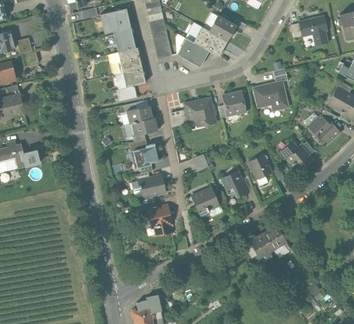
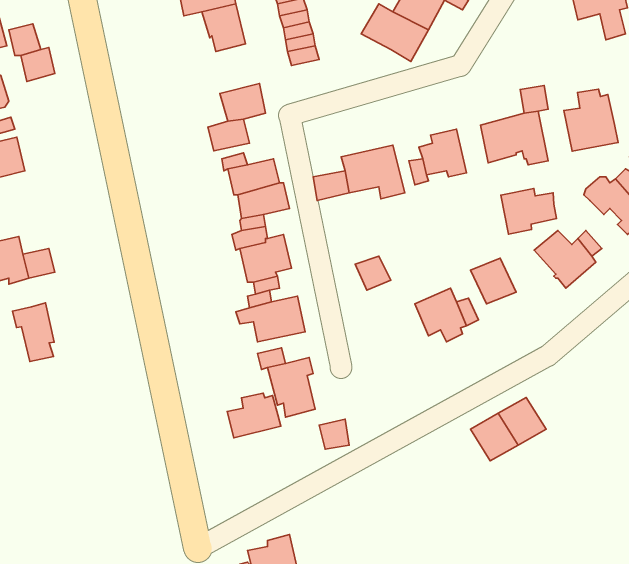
building: [176,37,208,66] -> none
building: [110,47,142,72] -> none
building: none -> [564,89,618,151]
building: none -> [501,189,556,234]
building: none -> [13,303,54,361]
building: [190,186,218,211] -> none
building: none -> [227,393,281,438]

